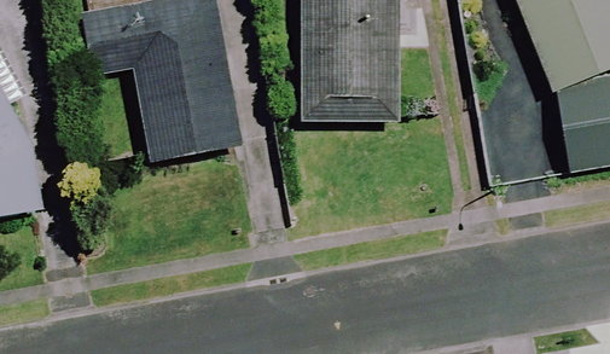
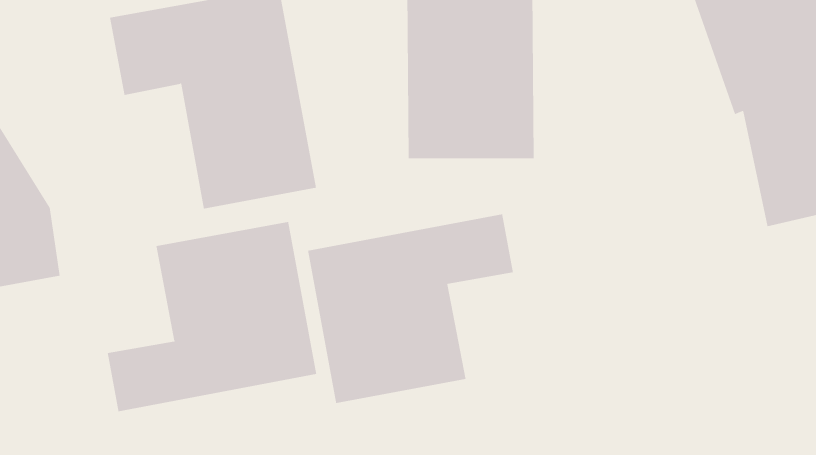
building: none -> [307,213,513,404]
building: none -> [107,221,317,412]

